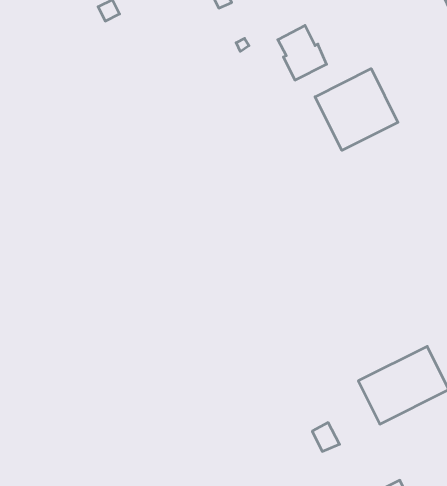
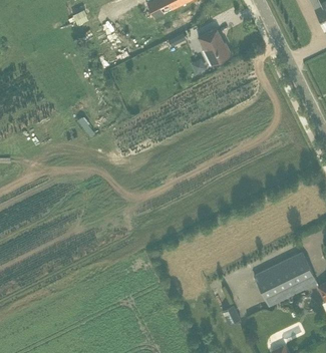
building: [315,69,398,150] -> none

